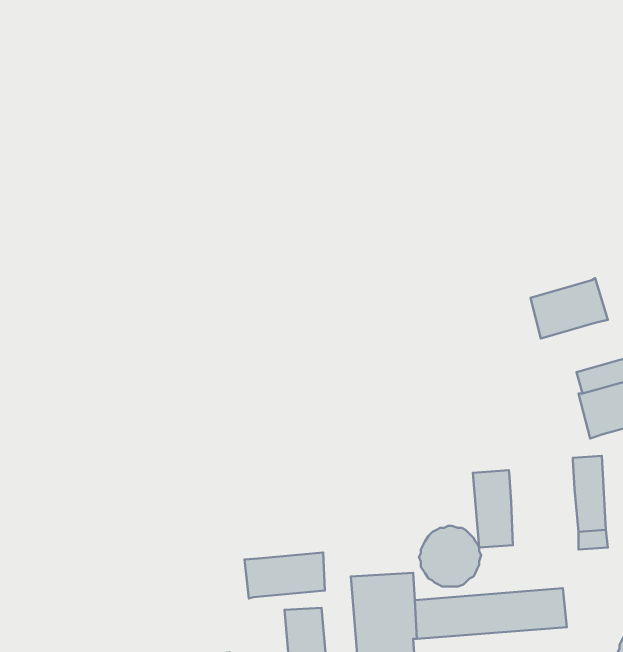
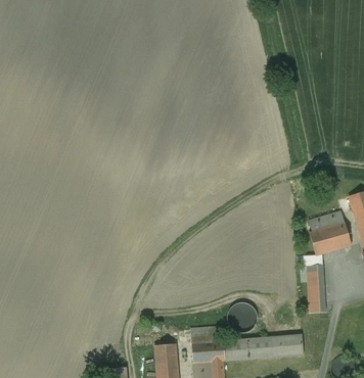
building: [531,278,608,339] -> none
building: [473,470,513,547] -> none
building: [244,552,325,598] -> none

